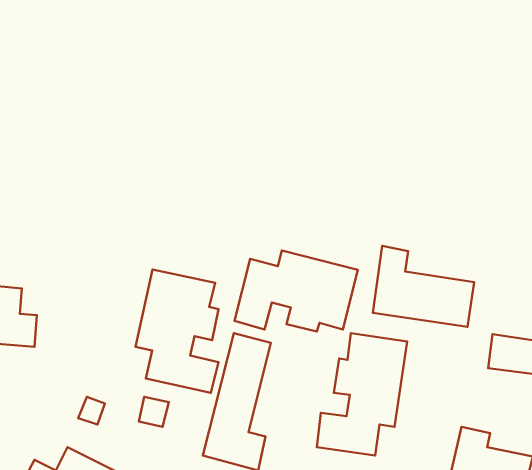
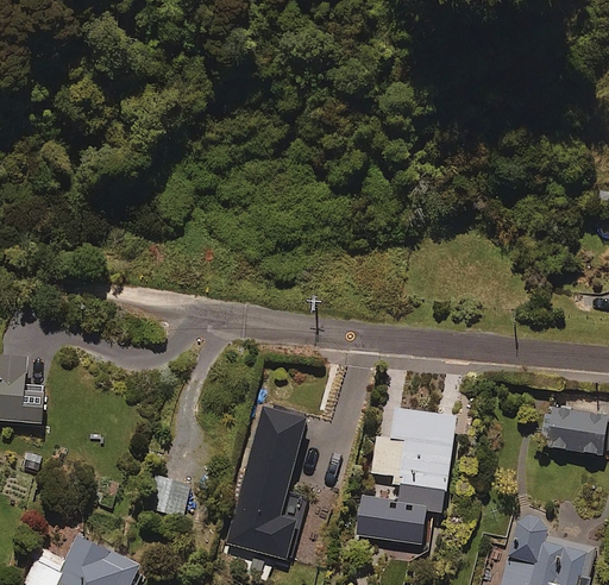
building: [373,246,474,327] -> none
building: [234,251,358,332] -> none
building: [136,269,219,393] -> none

